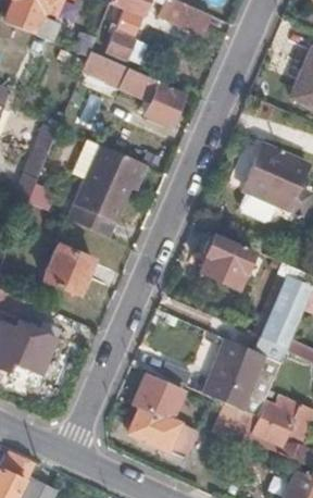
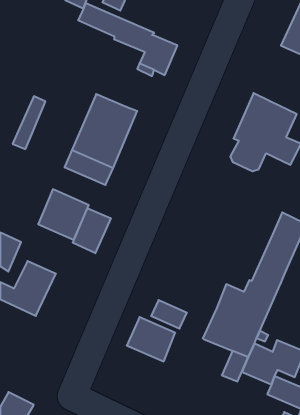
building: [200,236,253,290] -> none
building: none -> [73,208,111,253]
building: [126,403,189,461] -> none

